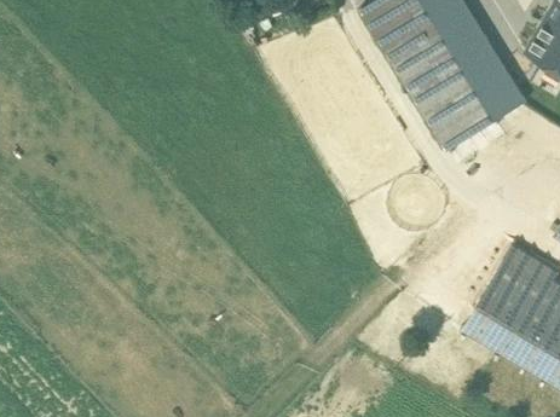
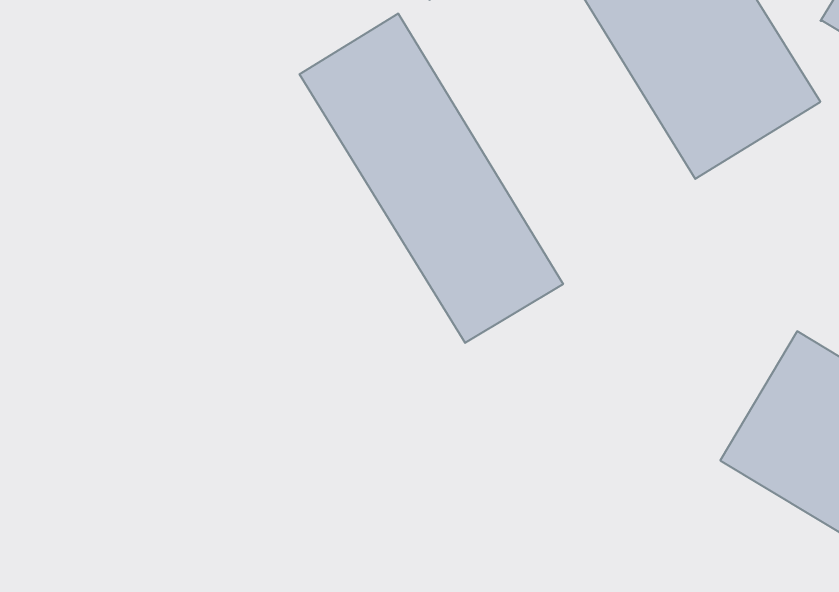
building: none -> [300,13,563,343]

